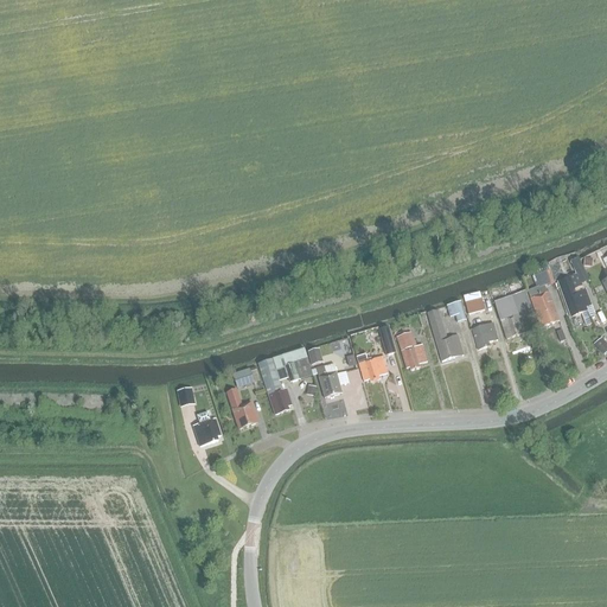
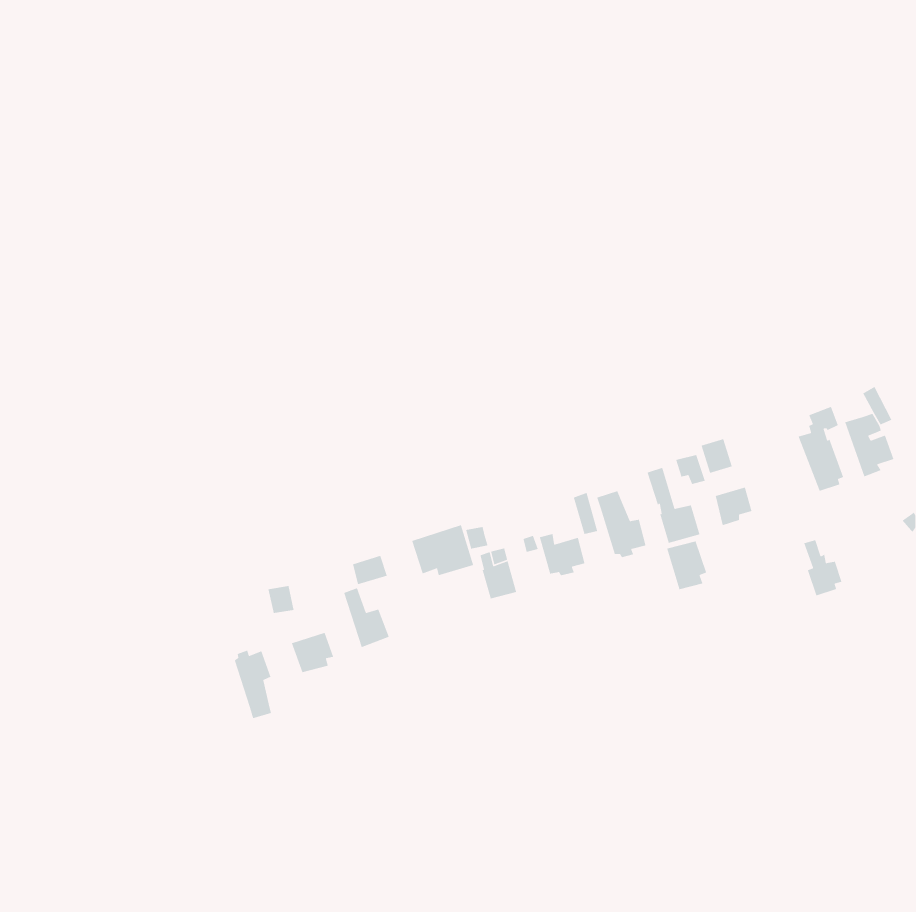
building: [497,299,523,337] -> [803,539,843,597]
building: [257,357,290,414] -> none
building: none -> [666,540,707,590]
building: none -> [234,650,272,719]

